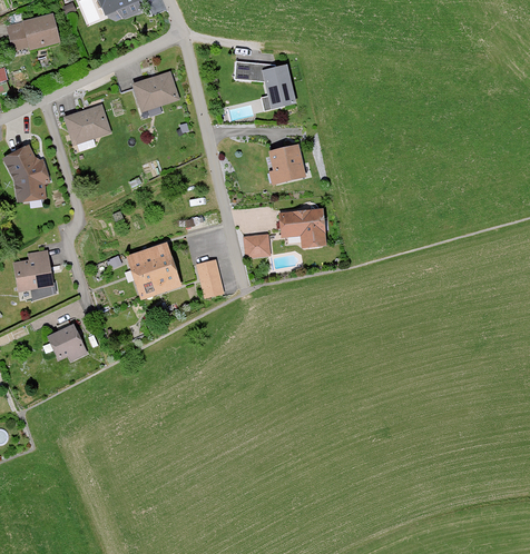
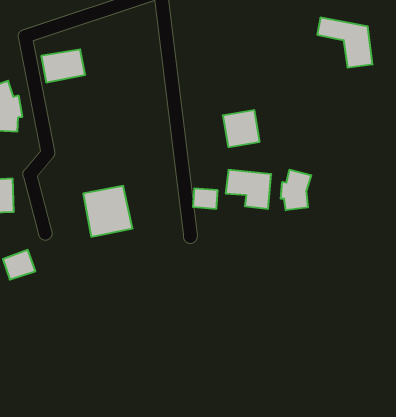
building: [234,61,297,111] -> [317,18,373,67]
building: [130,70,180,110] -> none
building: none -> [281,170,311,210]
building: [196,258,224,296] -> none

